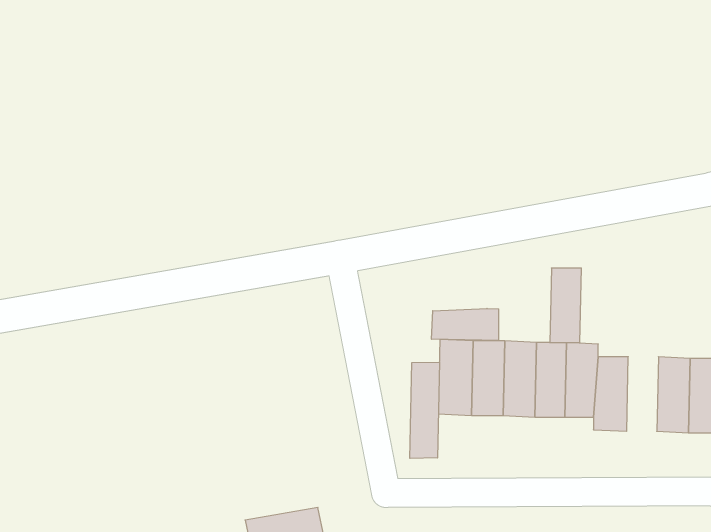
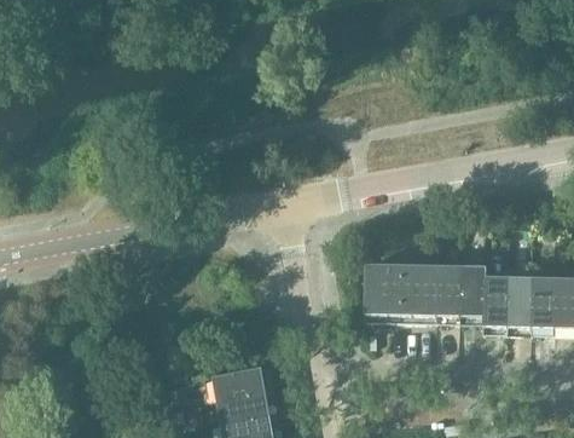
building: [550,268,581,343] -> [508,277,532,334]
building: [432,308,499,341] -> none
building: [410,362,439,458] -> none
building: none -> [213,368,272,402]

